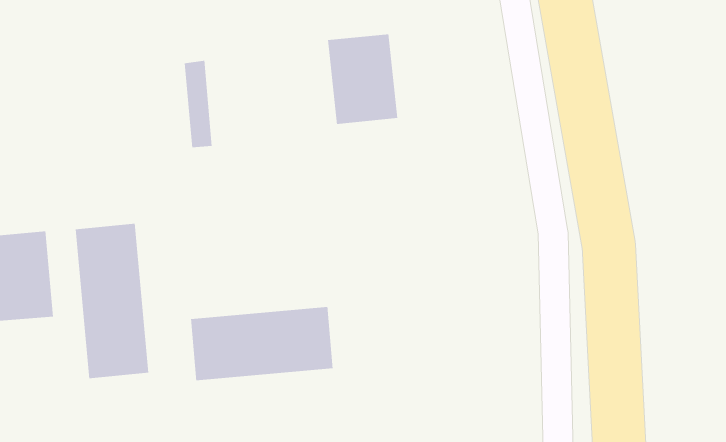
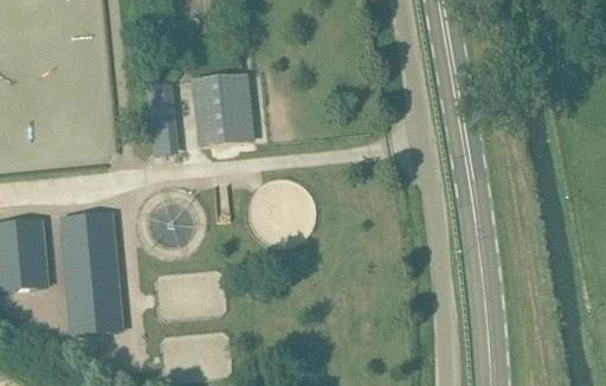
building: [327,34,398,124] -> [194,73,250,144]
building: [191,306,333,381] -> none

